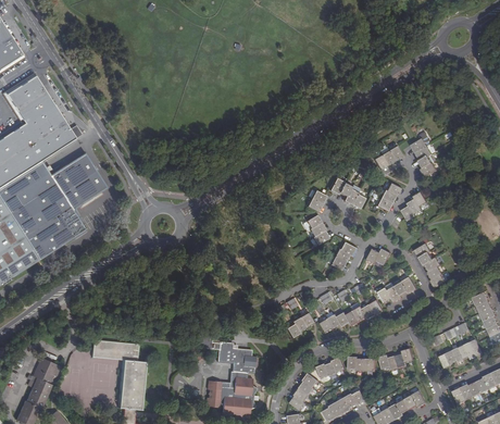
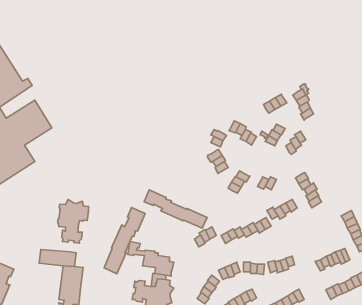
building: none -> [144,190,207,228]
building: none -> [58,200,89,243]
building: none -> [104,208,145,274]

